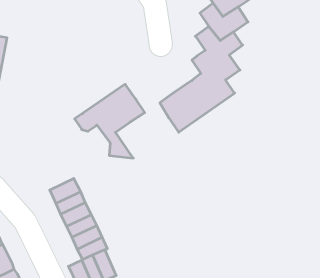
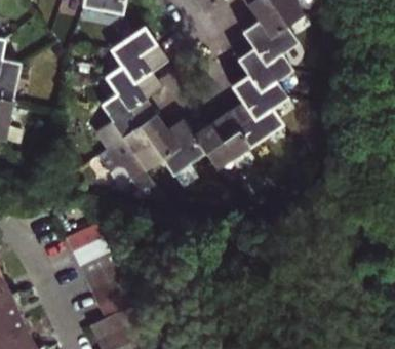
building: none -> [96,28,167,149]
building: none -> [161,121,206,177]

